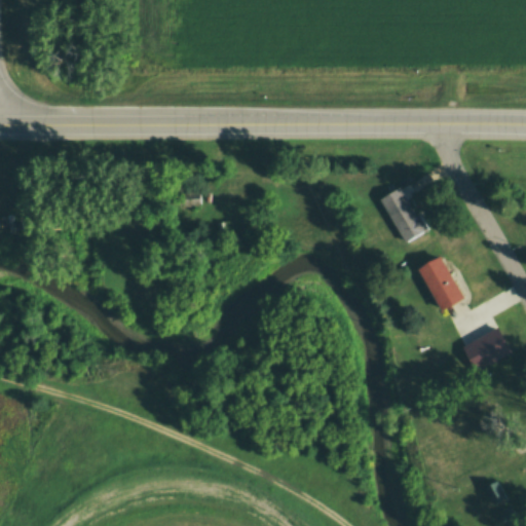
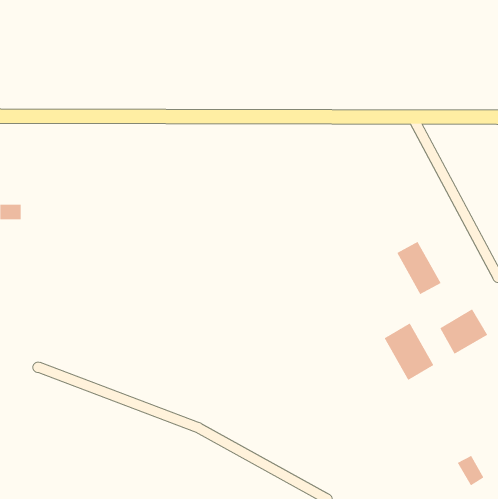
building: [378,186,428,242] -> none
building: none -> [384,323,434,381]

